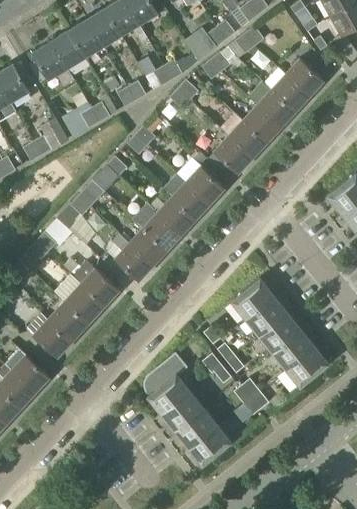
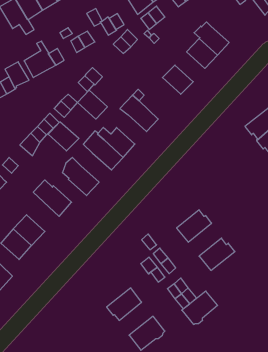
building: [286,59,323,95] -> none
building: [243,106,279,142] -> none
building: [214,137,250,173] -> none
building: [173,182,209,217] -> [77,90,107,119]
building: [130,228,167,263] -> [48,122,79,151]
building: [54,274,104,322] -> none
building: [231,278,272,318] -> none
building: [259,312,299,352] -> none
building: [286,346,329,386] -> [182,291,218,324]
building: [144,353,190,413] -> none
building: [176,407,217,447] -> none

